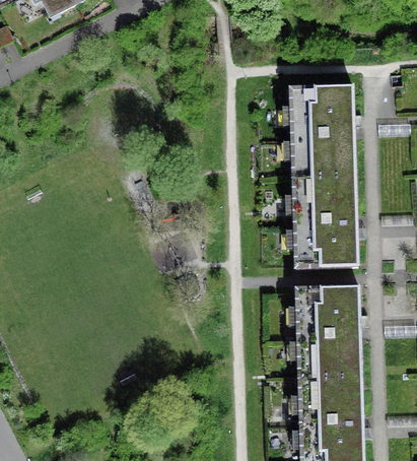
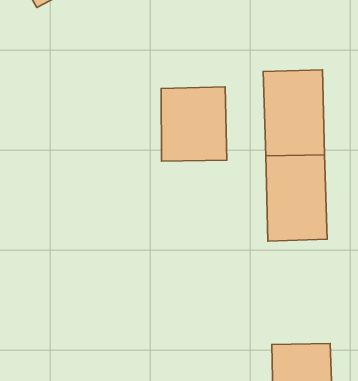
building: none -> [161,87,227,161]
building: [295,286,360,378] -> none

